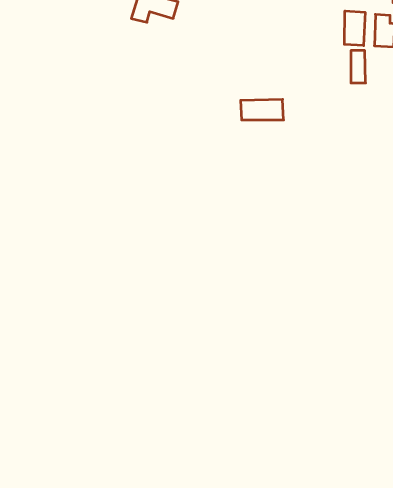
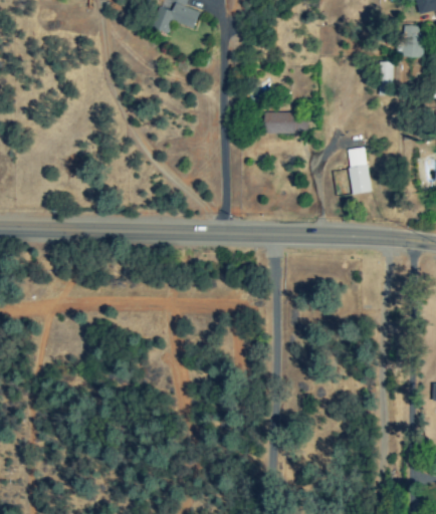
building: [344,11,365,46] -> none
building: none -> [346,147,370,194]

